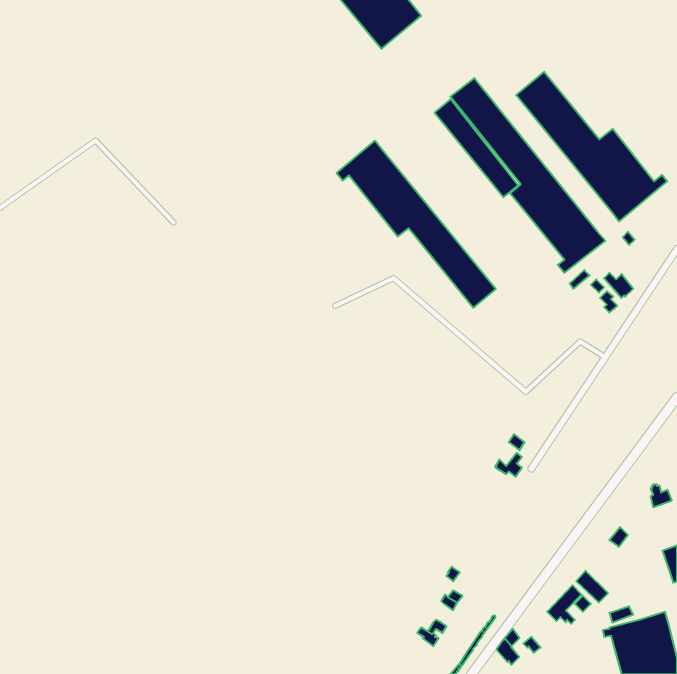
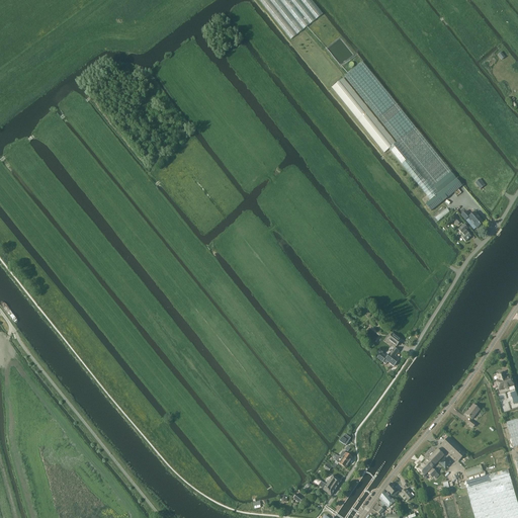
building: [516,72,667,221] -> none
building: [337,141,496,308] -> none

